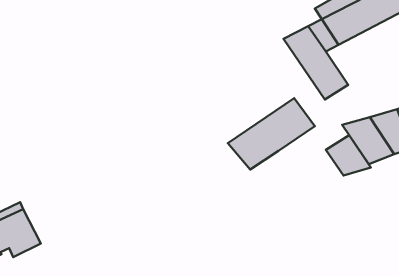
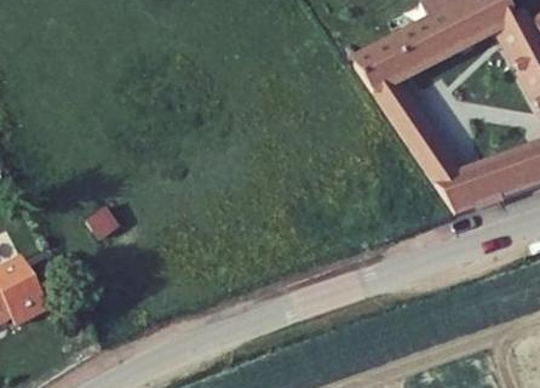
building: [228,98,315,170] -> none
building: [326,135,371,175] -> [403,116,459,166]

